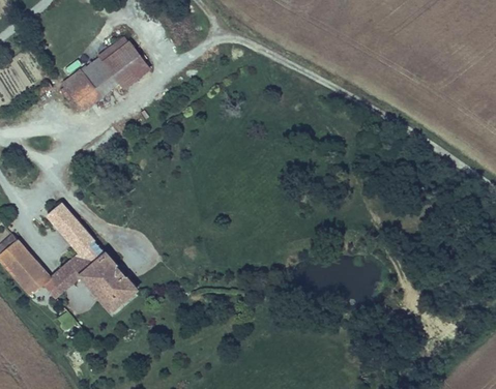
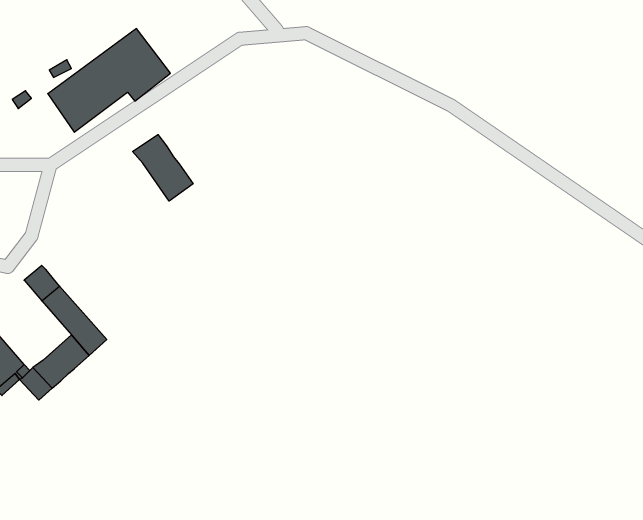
building: none -> [133,135,193,201]
building: [82,255,136,309] -> none

